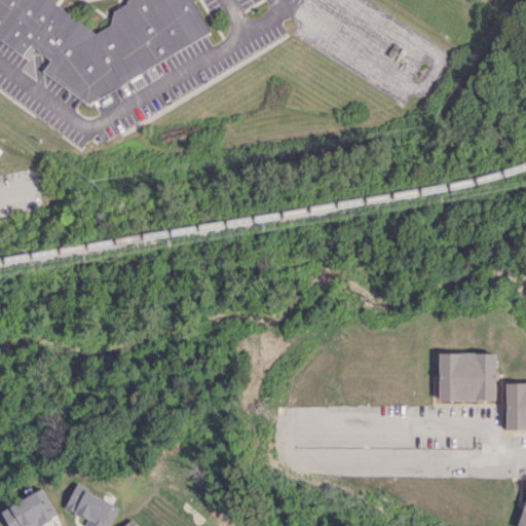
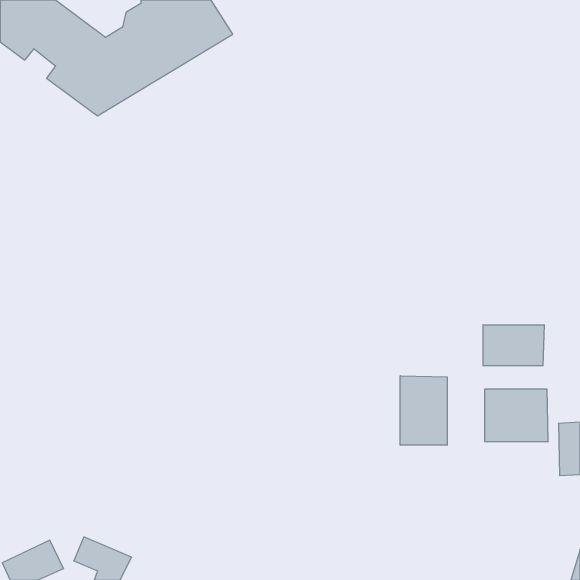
building: none -> [483,325,544,366]
building: none -> [400,376,447,445]

